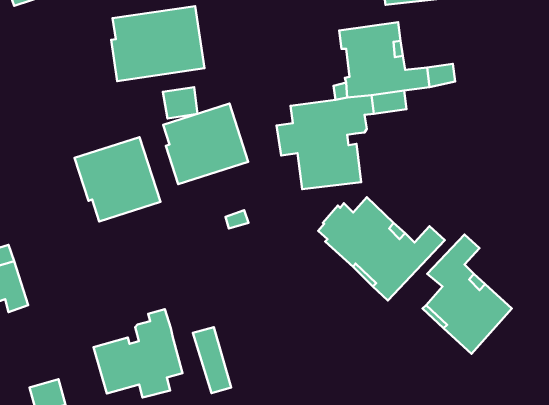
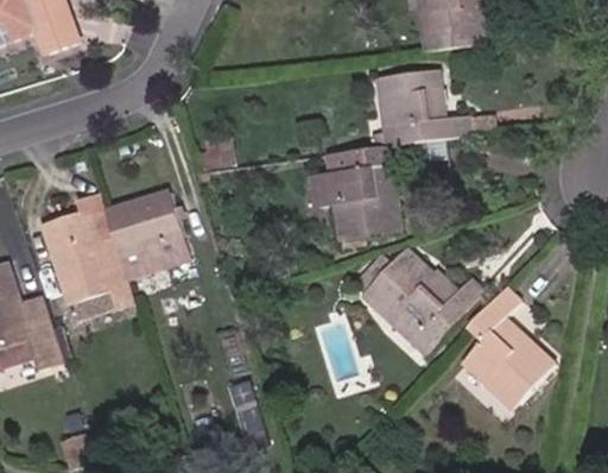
building: [111,6,204,81] -> none
building: [163,104,248,184] -> none
building: none -> [48,189,135,315]
building: [93,309,183,398] -> none

